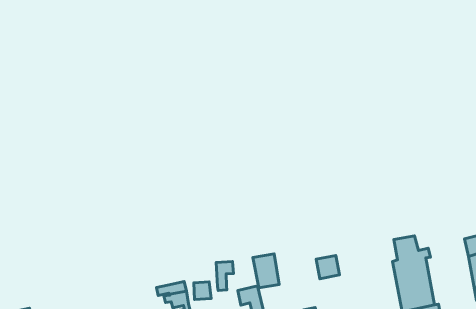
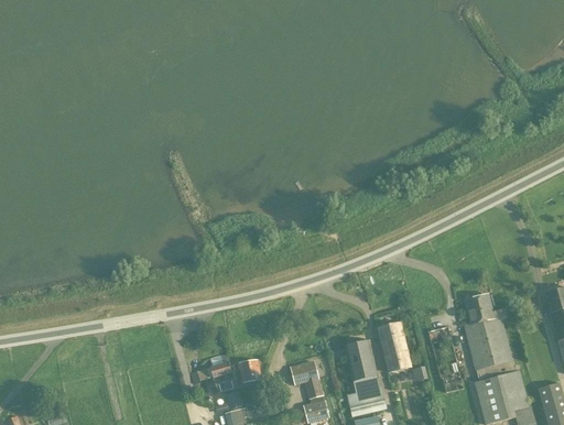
building: [253,254,279,288] -> [344,340,376,380]
building: [216,261,233,291] -> none
building: none -> [382,344,410,371]

